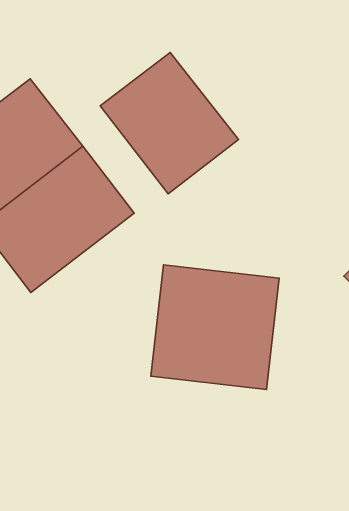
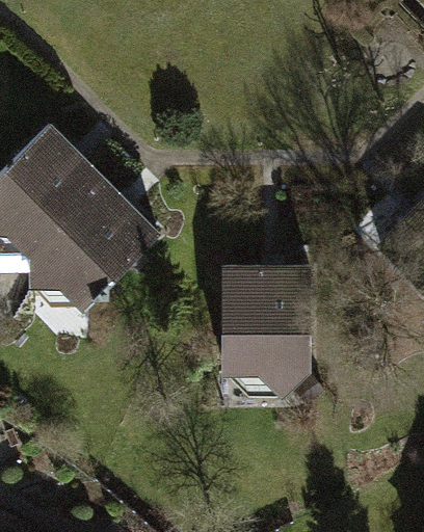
building: [100,52,238,194] -> none

